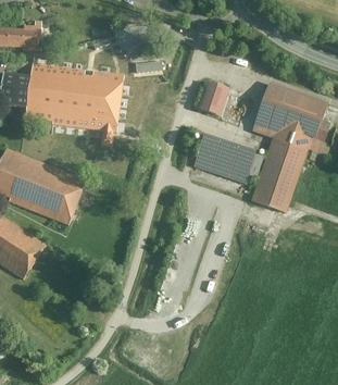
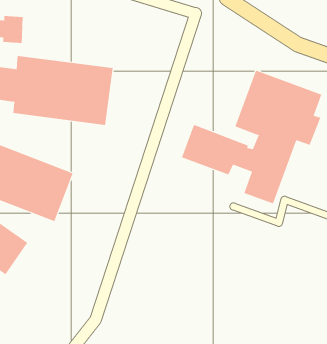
building: [198,80,234,116] -> none

